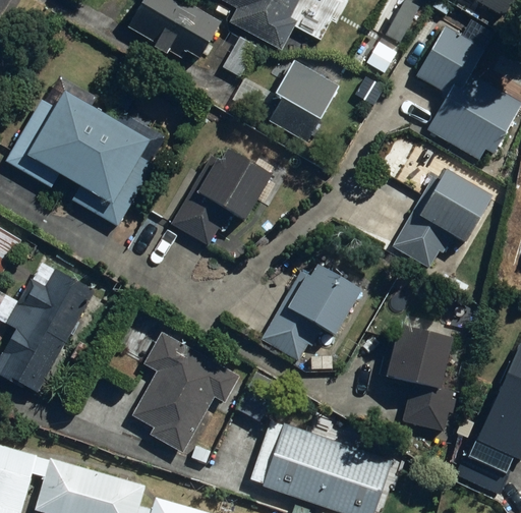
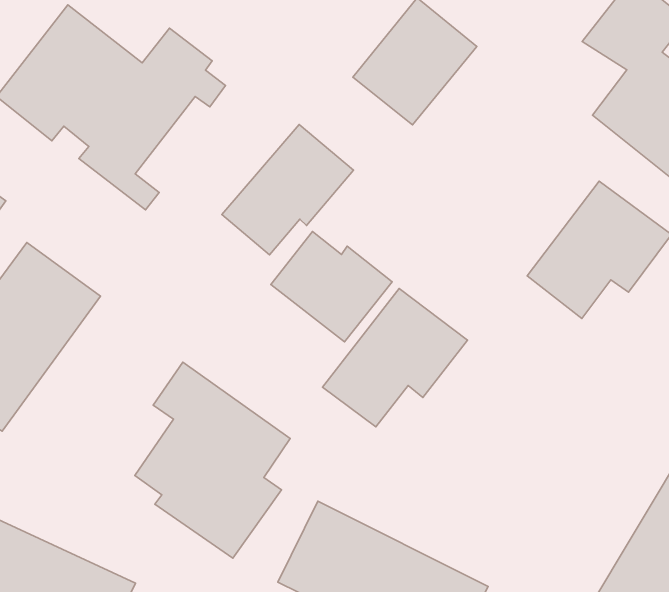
building: none -> [271,231,392,342]
building: [381,329,458,429] -> none

